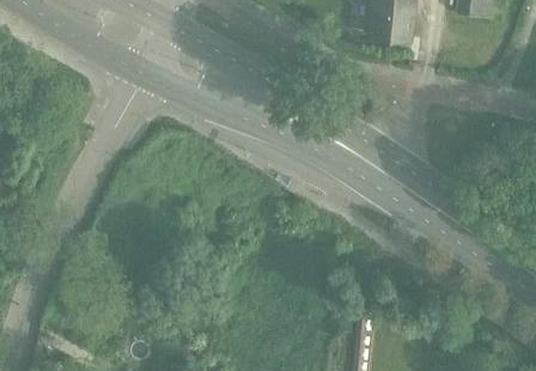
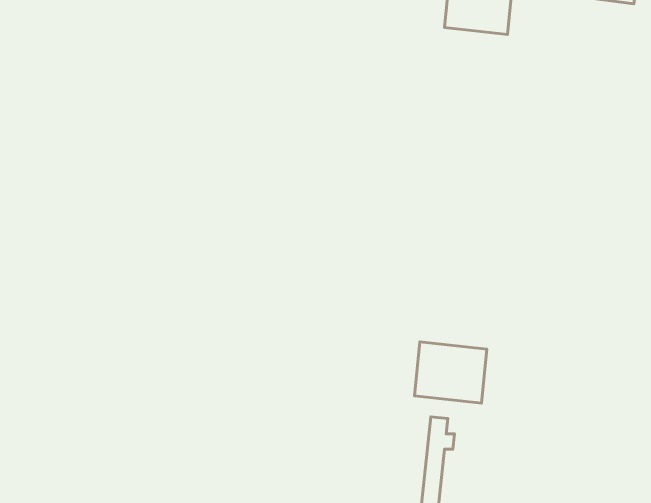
building: none -> [414,342,487,403]

